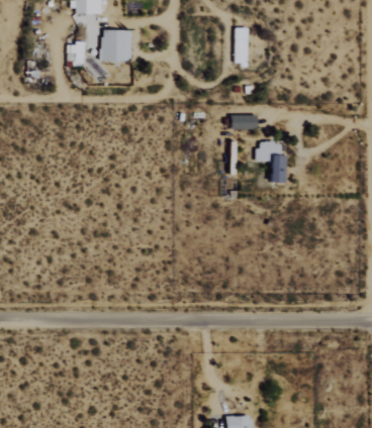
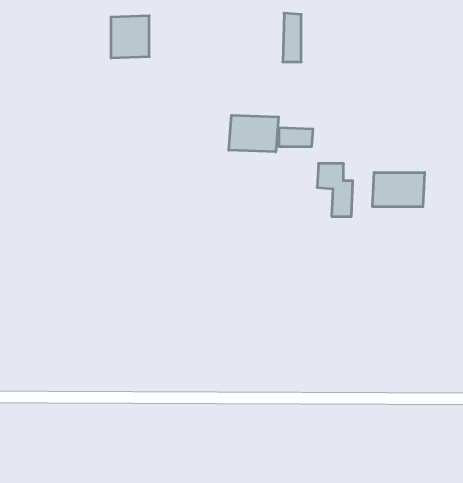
building: none -> [229,115,279,152]
building: none -> [373,172,425,207]

